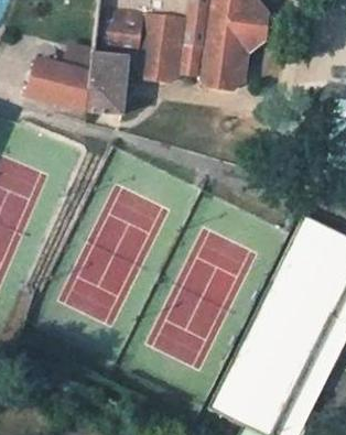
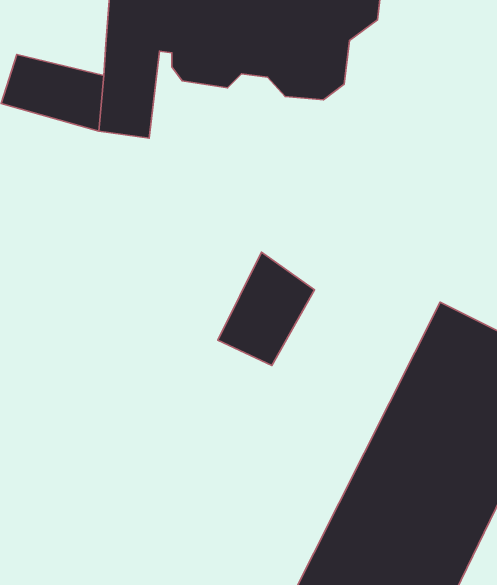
building: none -> [218,252,315,365]

